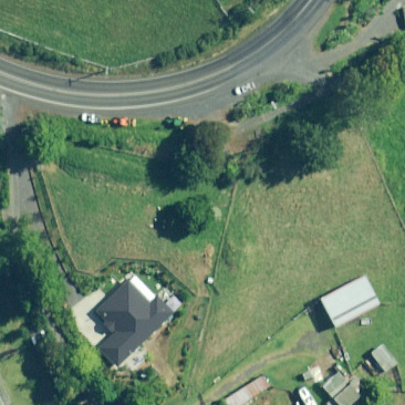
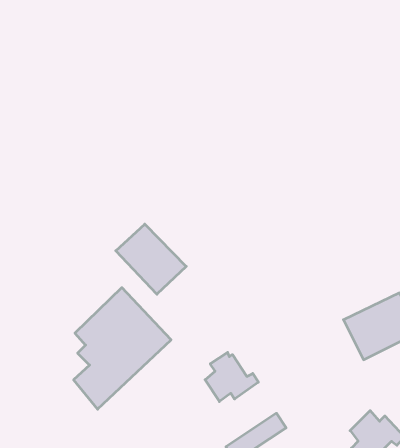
building: none -> [116,224,186,294]
building: none -> [205,352,258,402]

